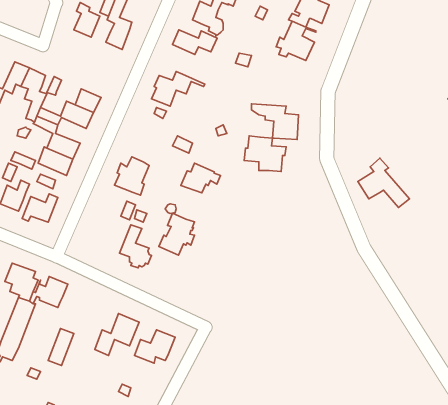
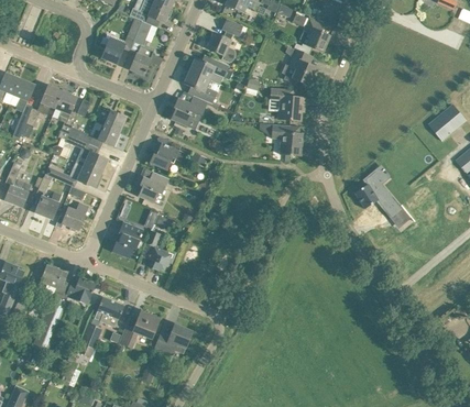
building: none -> [184,70,219,106]
building: [244,136,286,172] -> [267,88,305,120]
building: [181,163,220,193] -> [149,143,184,169]
building: [159,213,195,255] -> [111,221,143,258]
building: none -> [94,297,124,327]

